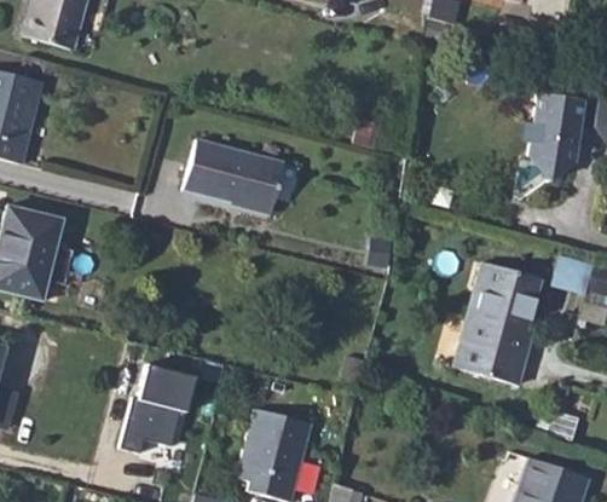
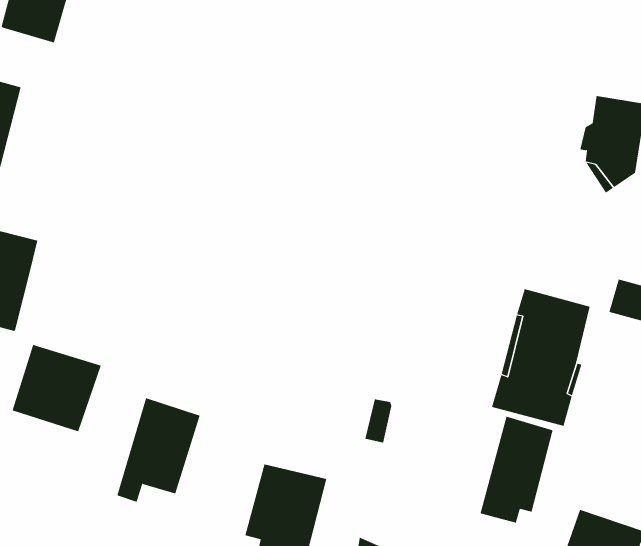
building: [186,140,288,213] -> none
building: none -> [12,344,102,432]
building: none -> [480,416,553,524]

